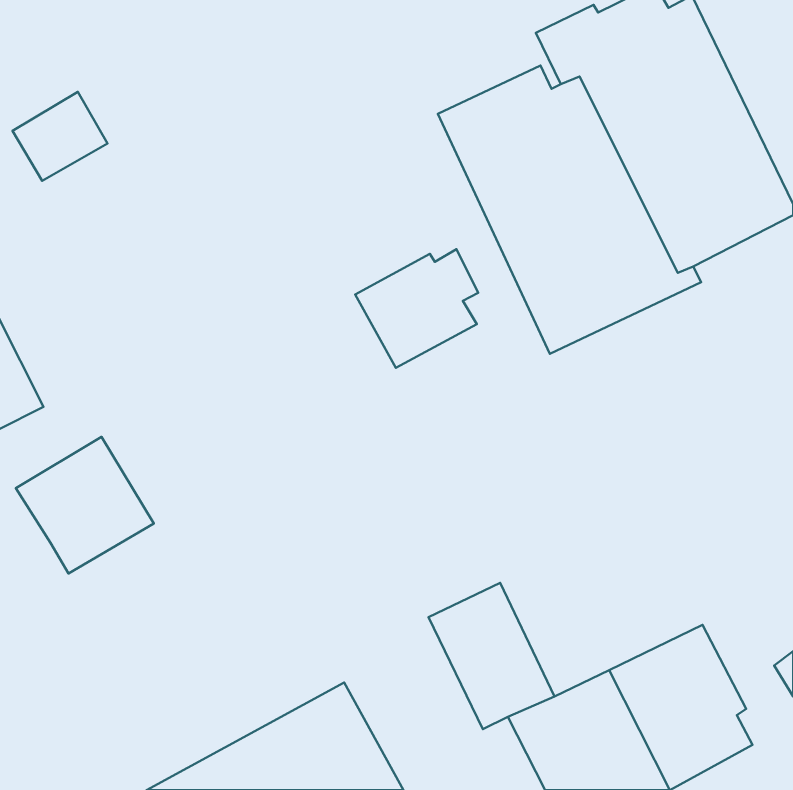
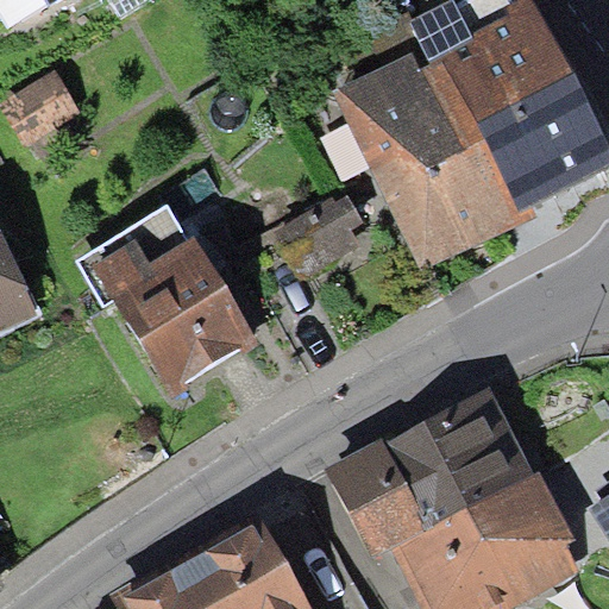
building: none -> [73,196,257,396]
building: [16,437,154,573] -> none
building: none -> [382,390,536,532]

